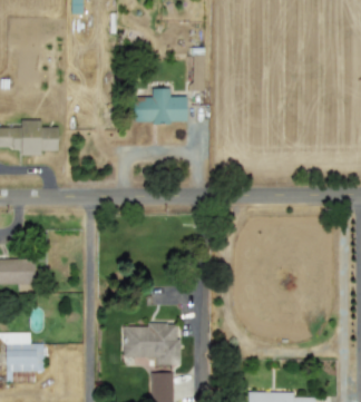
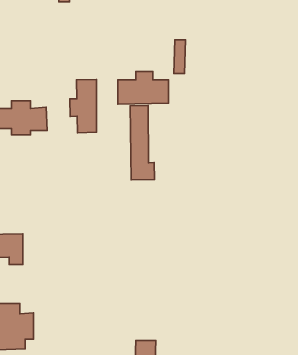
building: none -> [70,79,97,133]
building: none -> [130,106,154,180]
building: [123,323,180,364] -> none

